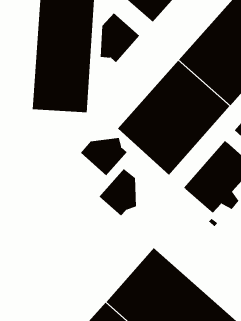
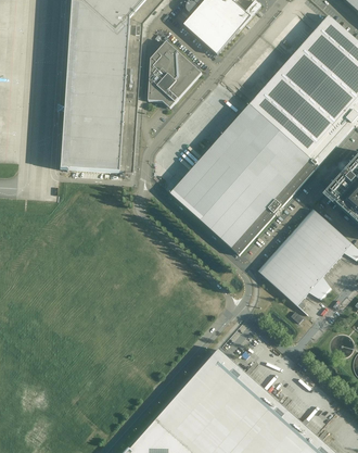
building: [80,137,127,176] -> none
building: [98,168,137,217] -> none

